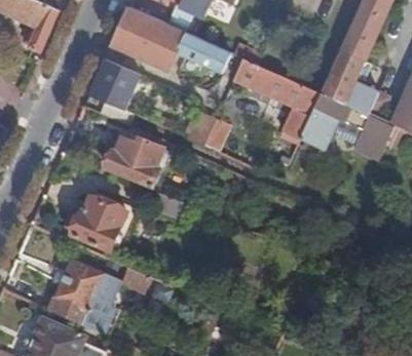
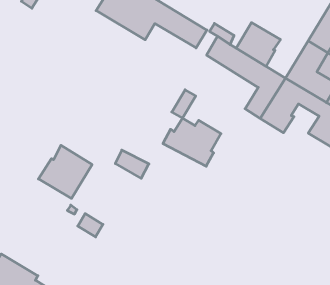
building: none -> [236,23,280,66]
building: [87,58,141,111] -> none
building: [104,136,164,185] -> [163,118,221,166]
building: [47,259,113,333] -> none

